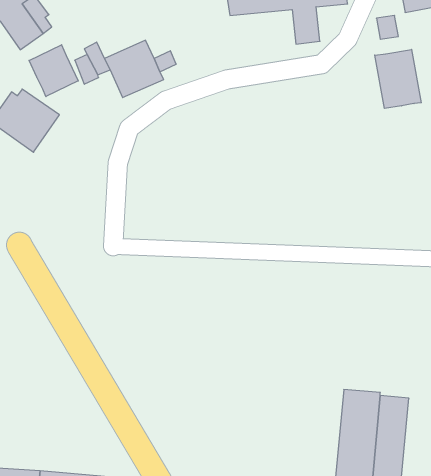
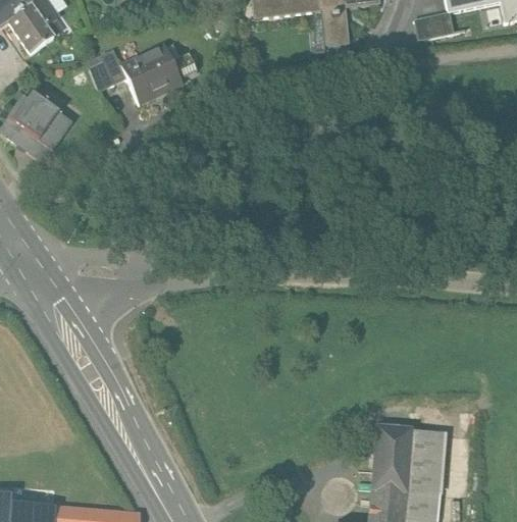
building: [29,45,78,97] -> none
building: [375,49,421,108] -> none

